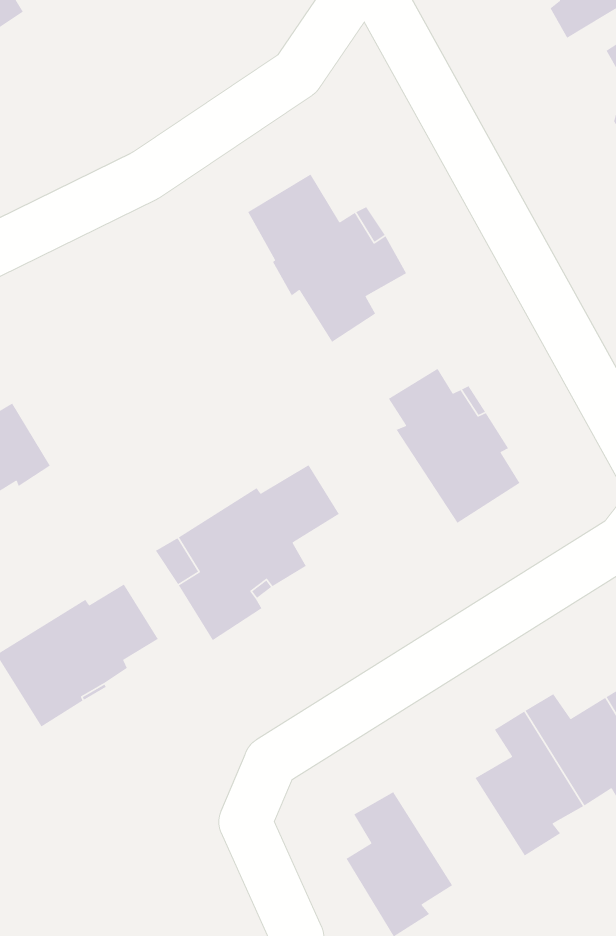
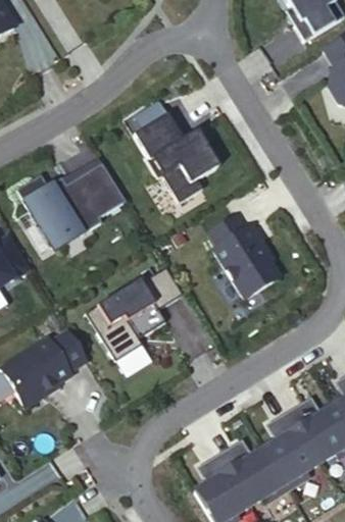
building: none -> [18,163,127,247]
building: none -> [212,432,282,491]

